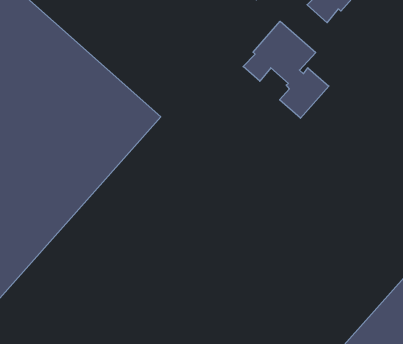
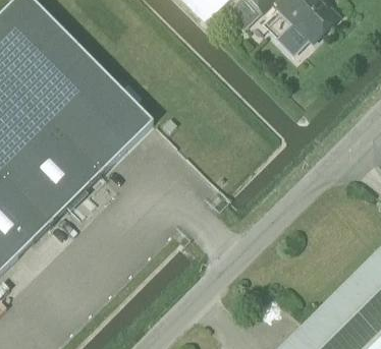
building: [243,21,329,118] -> none

